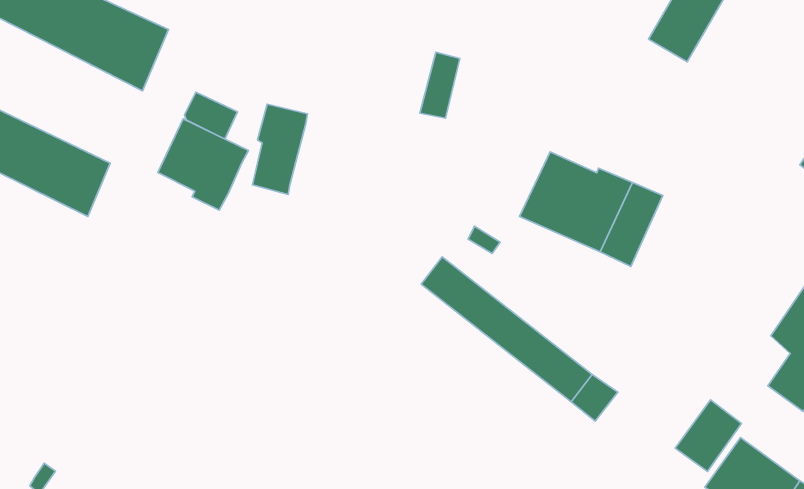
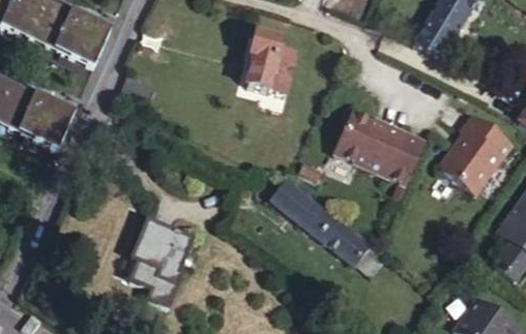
building: [253,104,307,194] -> [247,34,283,92]
building: [158,119,249,210] -> none
building: none -> [441,112,512,191]
building: none -> [132,220,196,310]
building: [675,400,742,471] -> none

